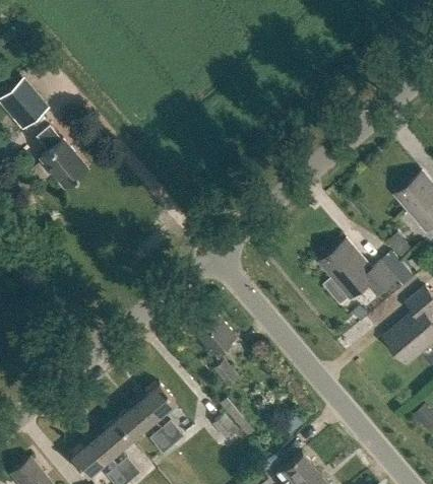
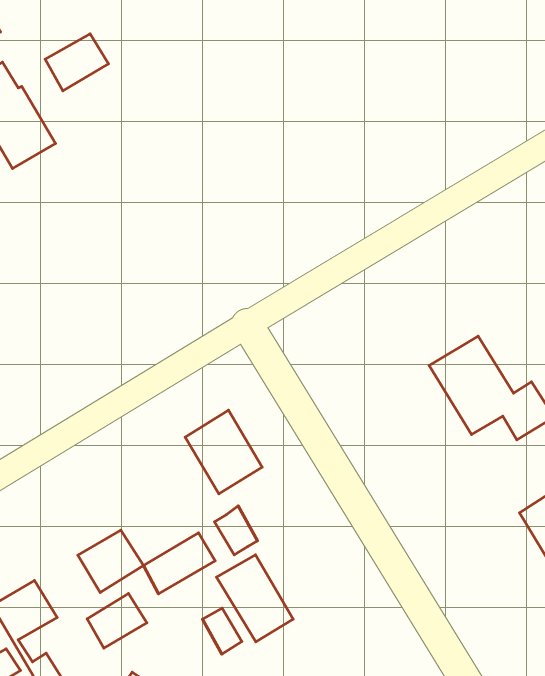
building: none -> [45,34,108,91]
building: none -> [144,533,215,594]
building: [115,402,153,439] -> none

